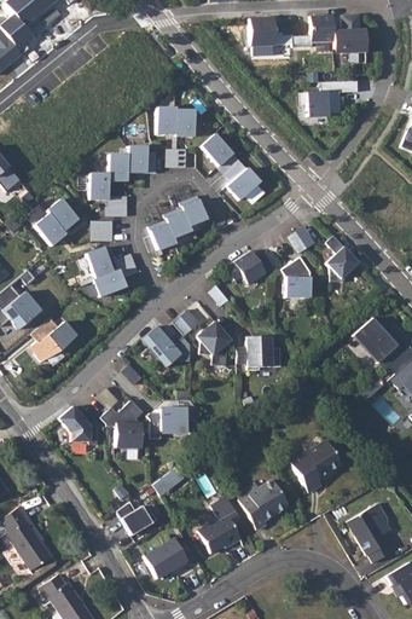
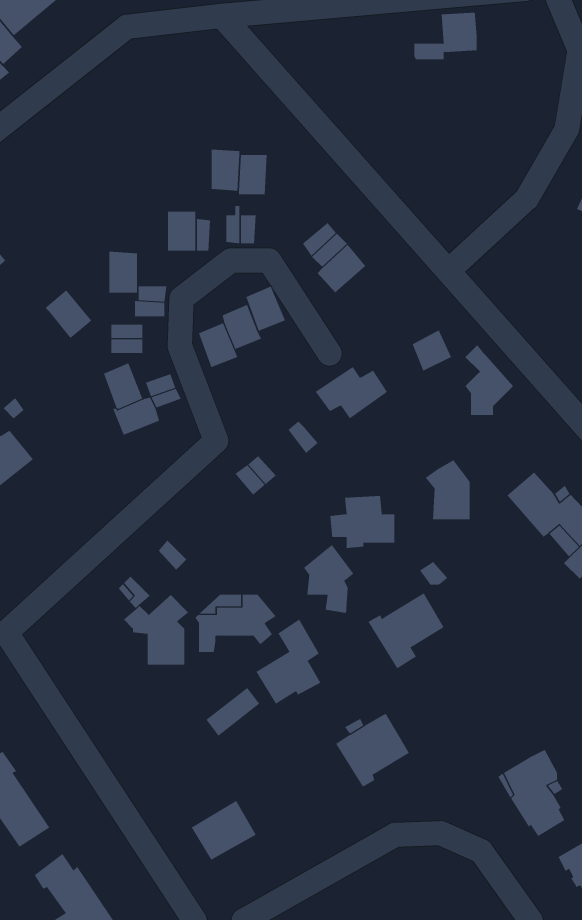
building: [333,13,366,52] -> none
building: [249,17,291,45] -> none
building: [298,81,358,116] -> none
building: [201,134,234,167] -> none
building: [109,154,128,181] -> none
building: [34,213,65,245] -> none
building: [279,258,309,297] -> [425,460,470,520]
building: [30,318,75,361] -> none
building: [196,320,230,366] -> [303,544,354,614]
building: [143,325,181,366] -> none
building: [58,406,97,445] -> none
building: [290,440,341,491] -> [368,593,444,669]
building: [198,496,242,553] -> [256,619,321,705]
building: [117,501,157,533] -> none

